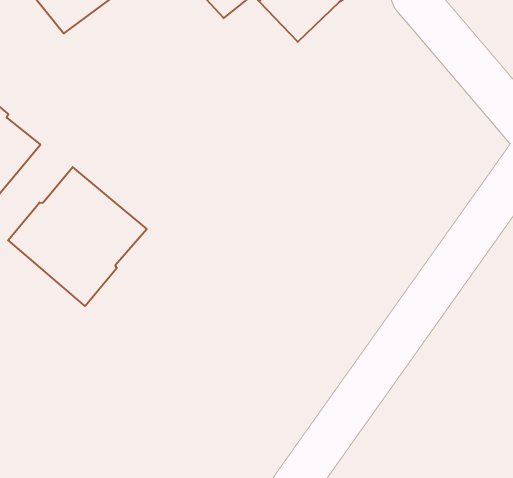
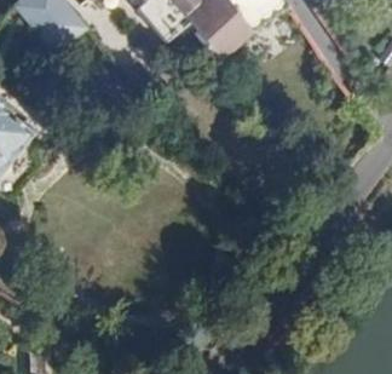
building: [8,167,147,306] -> none

